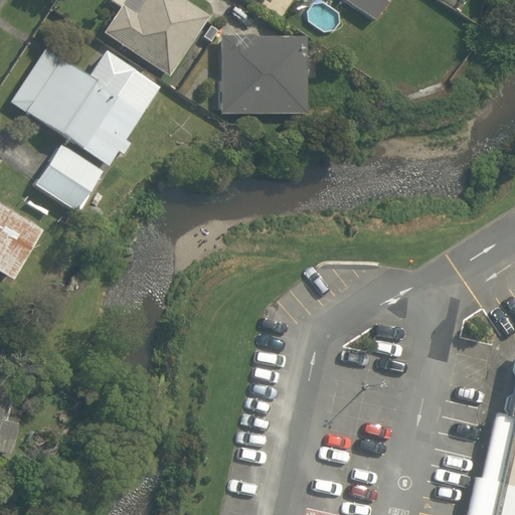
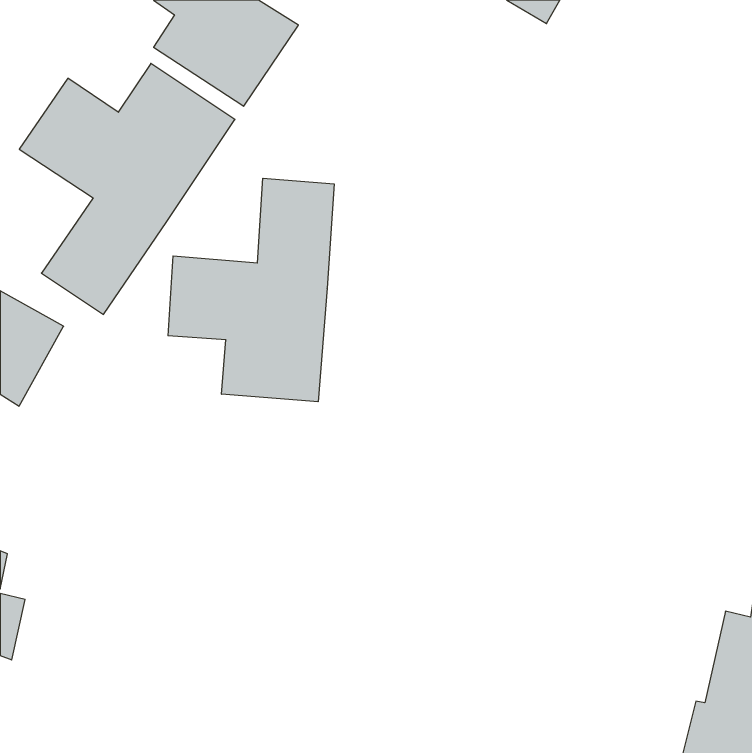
building: [215,30,311,117] -> none
building: none -> [168,178,334,402]

